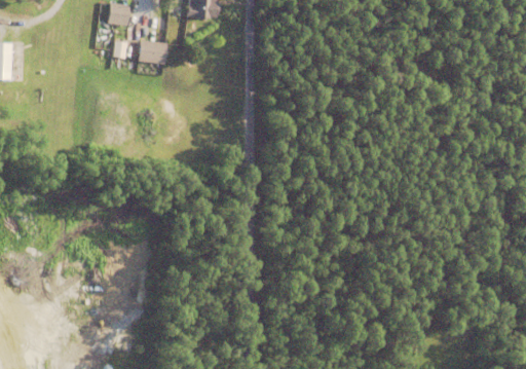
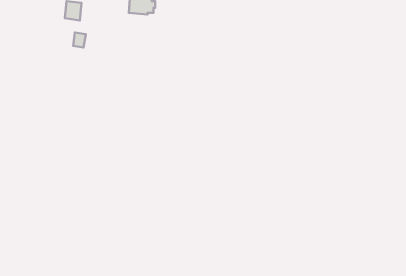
building: [136,40,164,64] -> none

